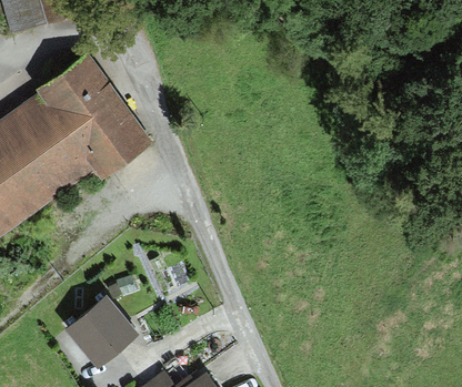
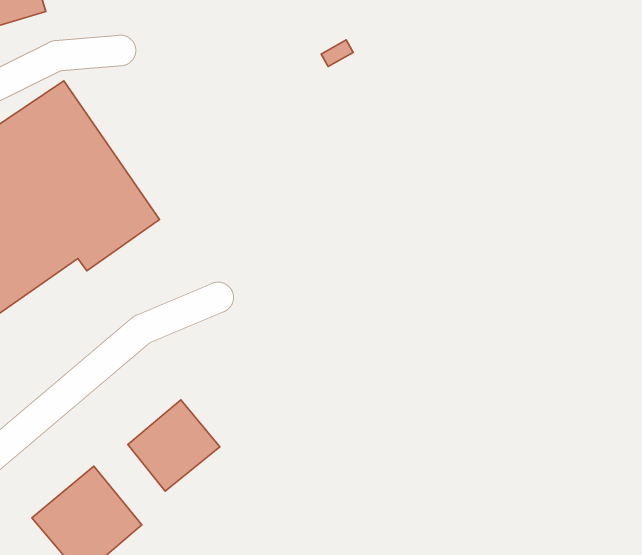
building: none -> [128,400,220,491]

